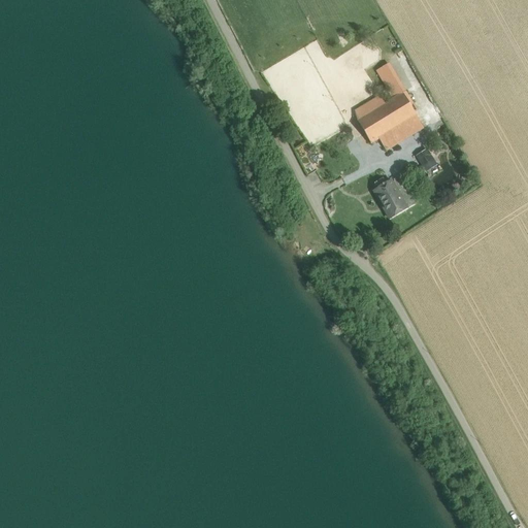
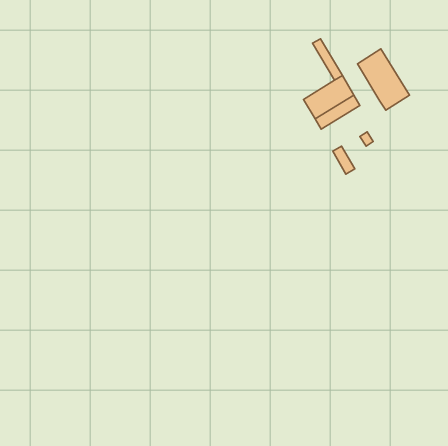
building: none -> [357,49,409,110]
building: [373,177,405,213] -> none

